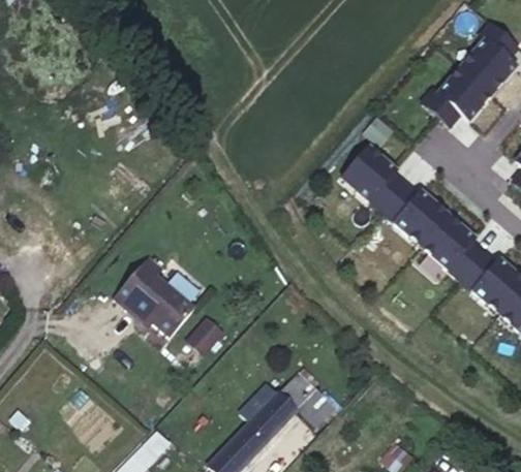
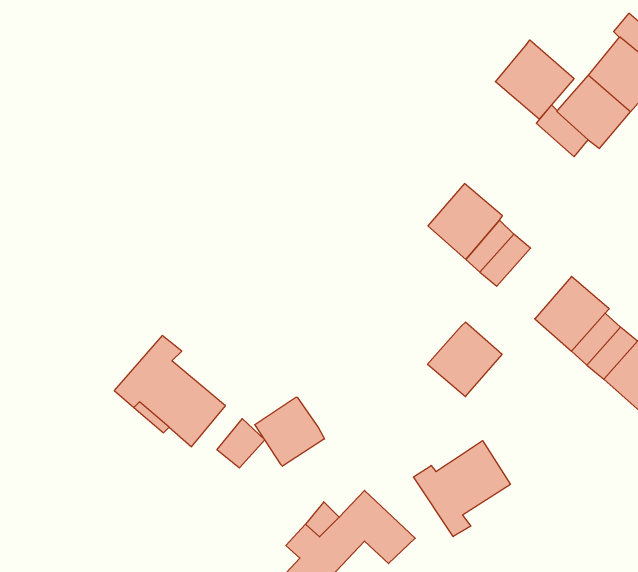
building: none -> [495,40,574,119]
building: [394,191,449,246] -> [428,322,502,397]
building: none -> [255,397,325,466]
building: none -> [414,441,510,537]

